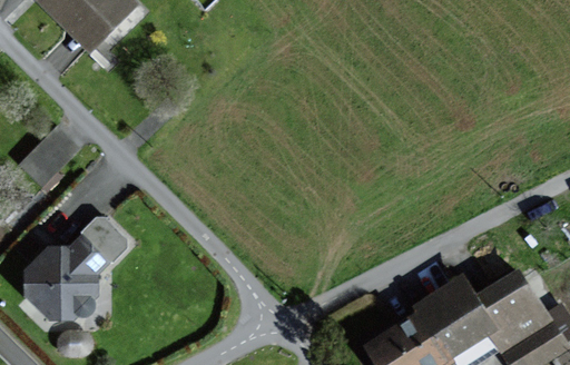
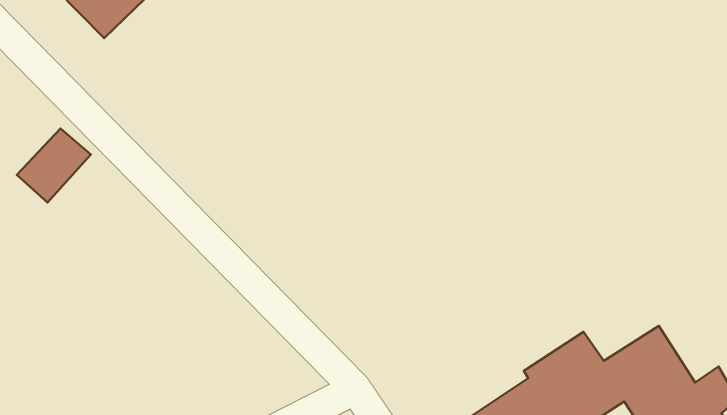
building: [24,218,129,323] -> none

